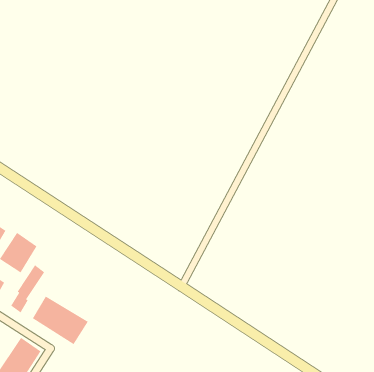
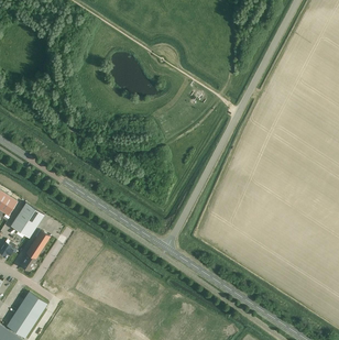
building: [32,295,89,345] -> none

